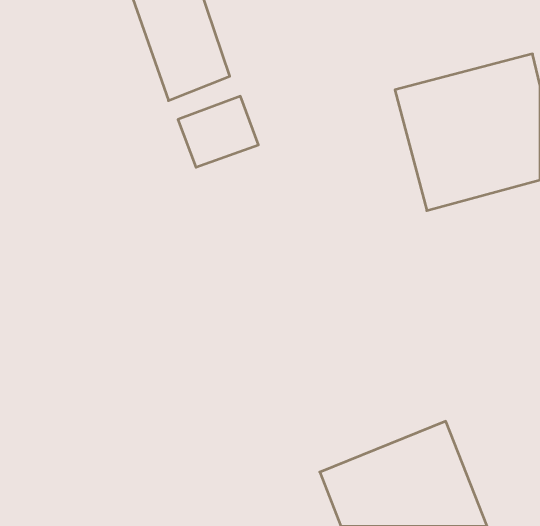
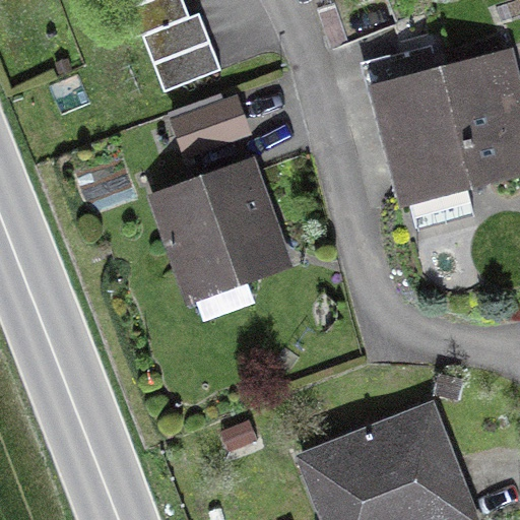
building: none -> [160,159,291,296]

